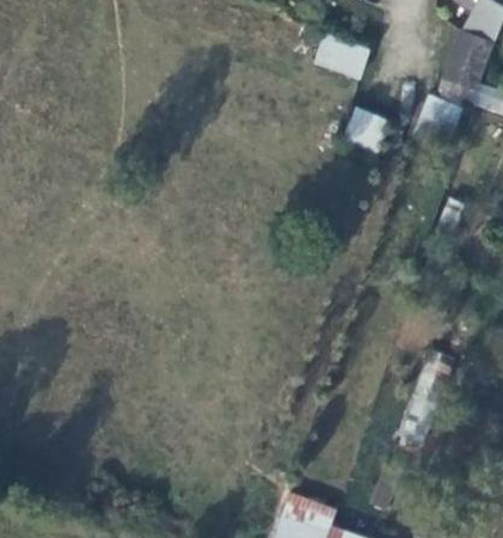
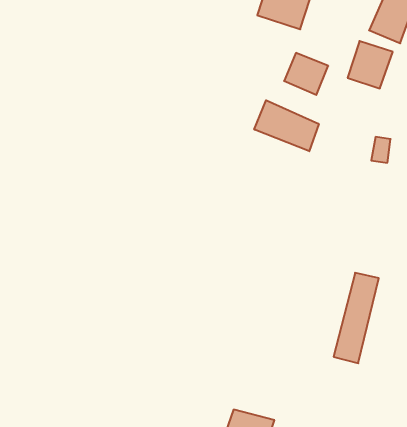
building: none -> [254,100,319,151]

